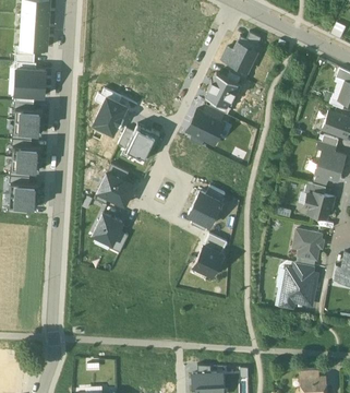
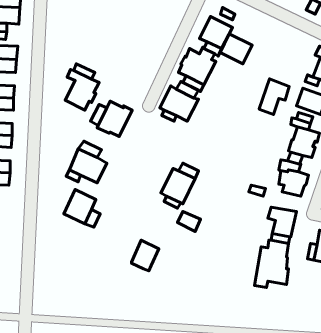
building: none -> [220,34,252,64]
building: none -> [259,79,289,115]
building: [194,246,221,276] -> [131,240,159,271]

